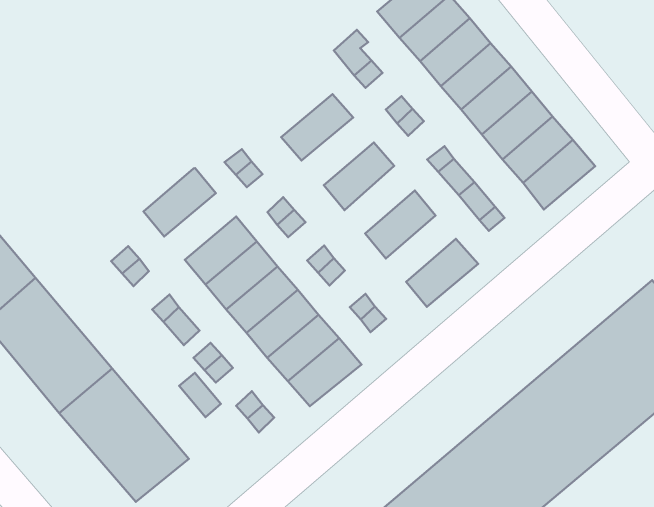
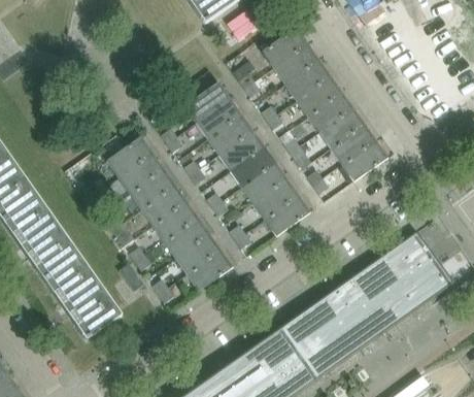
building: none -> [185,81,231,123]
building: none -> [208,114,253,155]
building: none -> [232,146,276,187]
building: none -> [120,154,165,193]
building: none -> [255,179,299,219]

